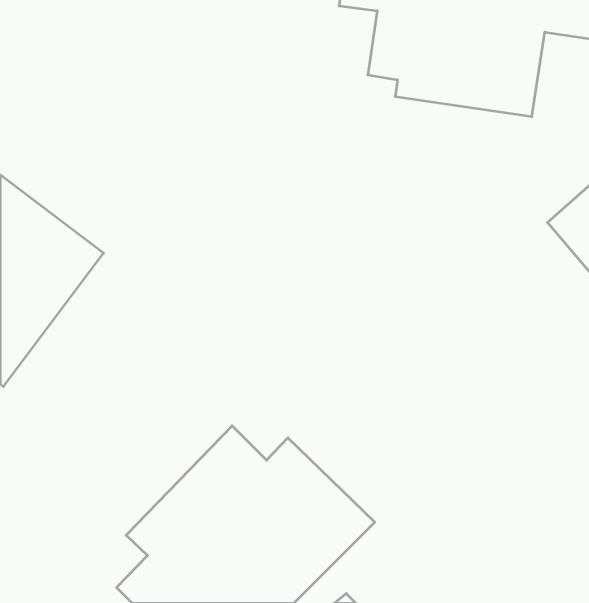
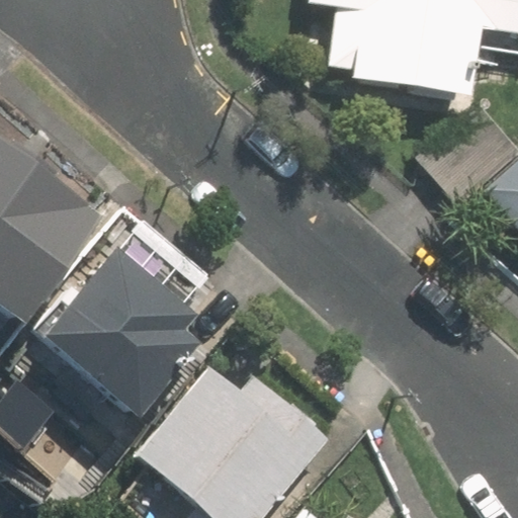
building: none -> [34,239,202,422]

